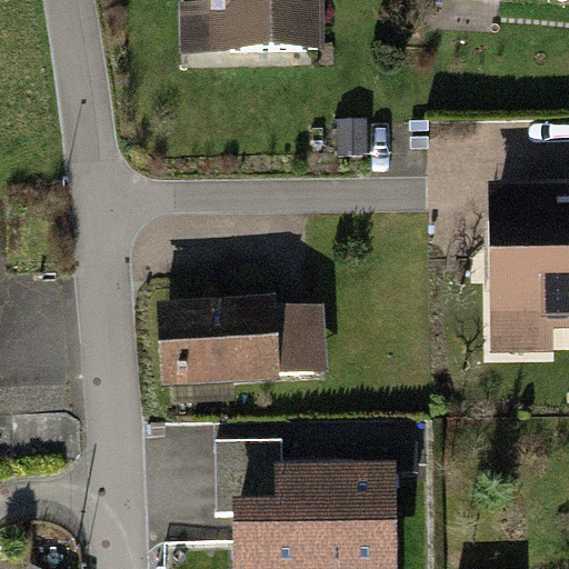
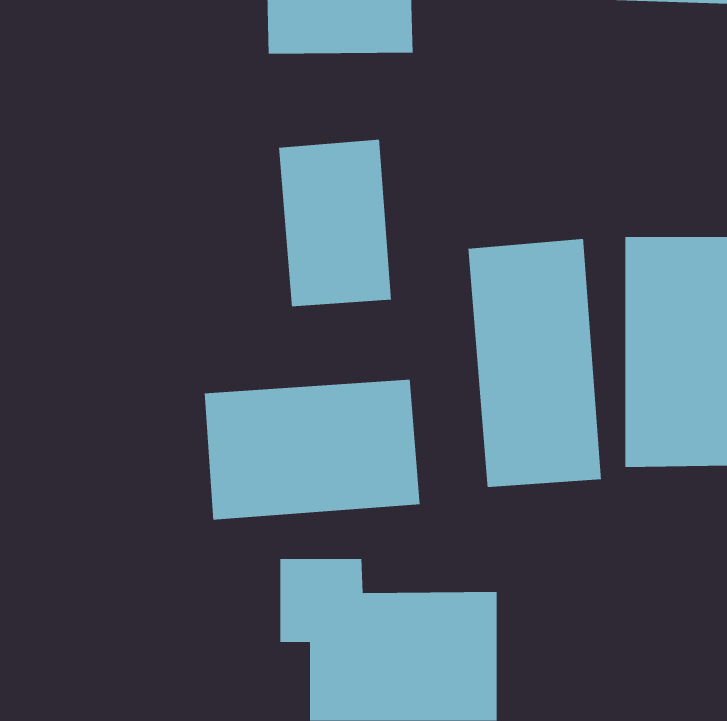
building: none -> [279,139,392,307]
building: none -> [468,238,602,488]

